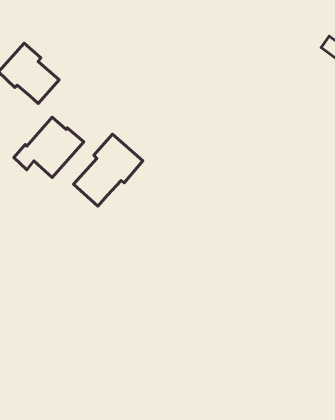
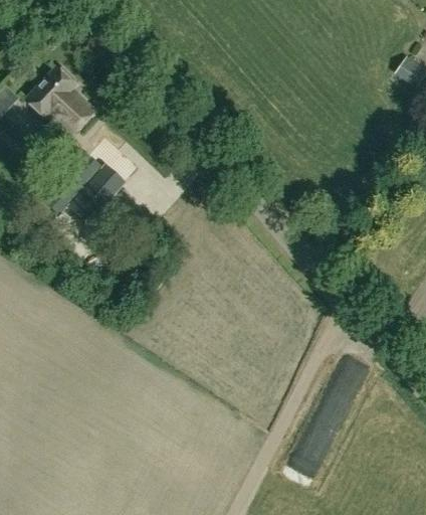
building: [74,134,143,206] -> none

